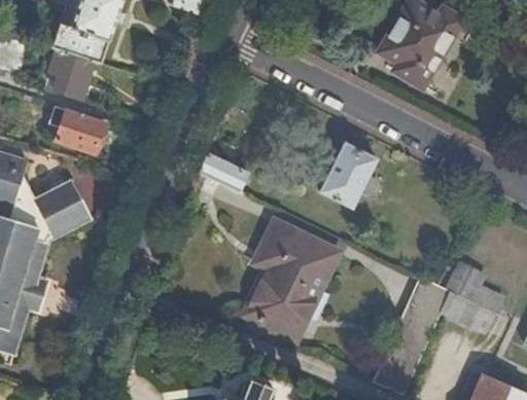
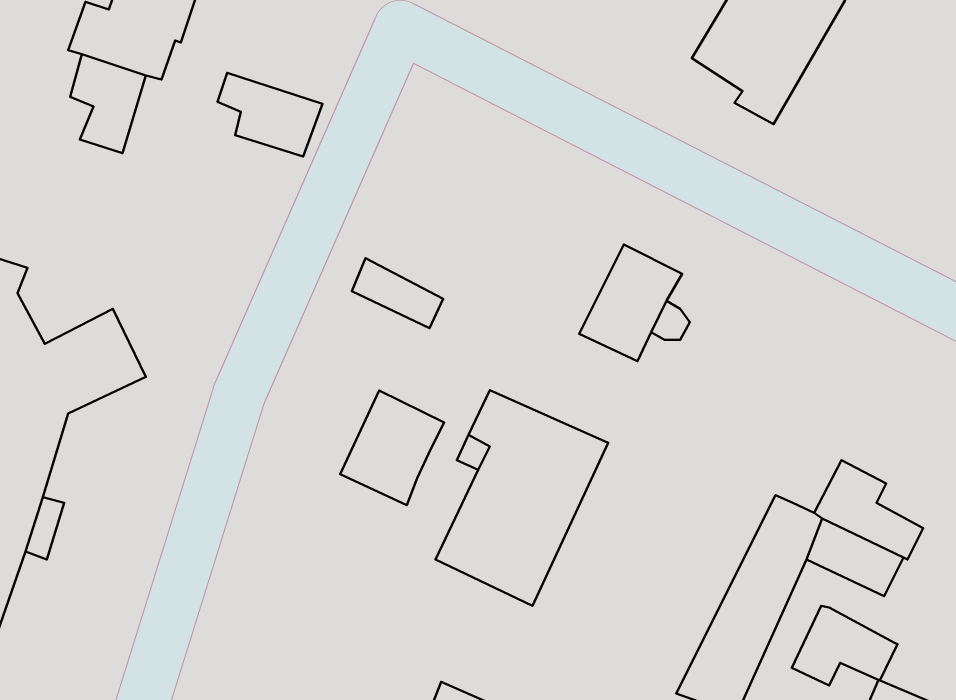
building: [47,105,103,149] -> [218,73,323,156]
building: none -> [340,390,444,505]
building: none -> [792,606,898,685]

